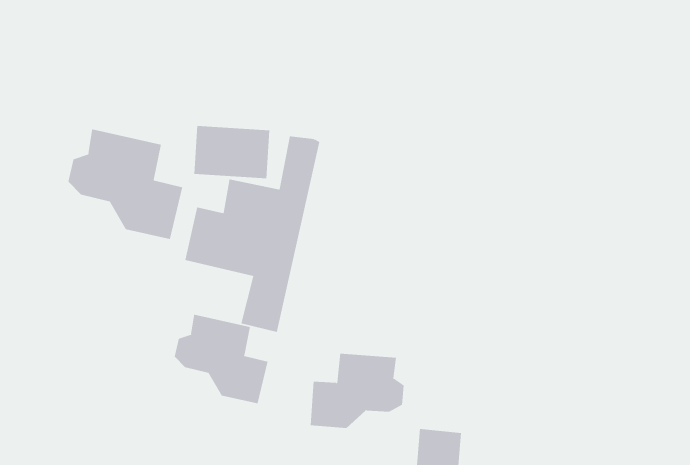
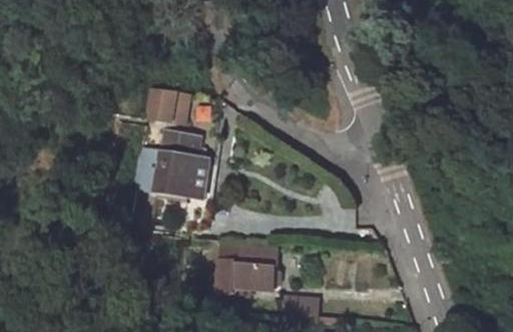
building: [68,129,183,240] -> none
building: [174,314,268,404] -> none

